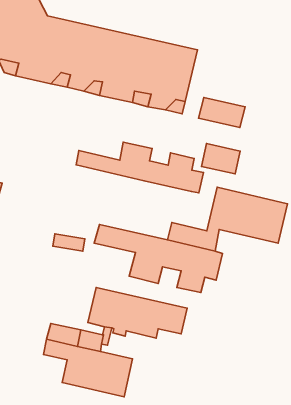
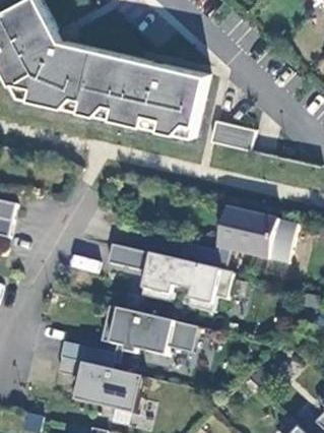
building: [76,142,203,193] -> none
building: [202,143,240,174] -> none

